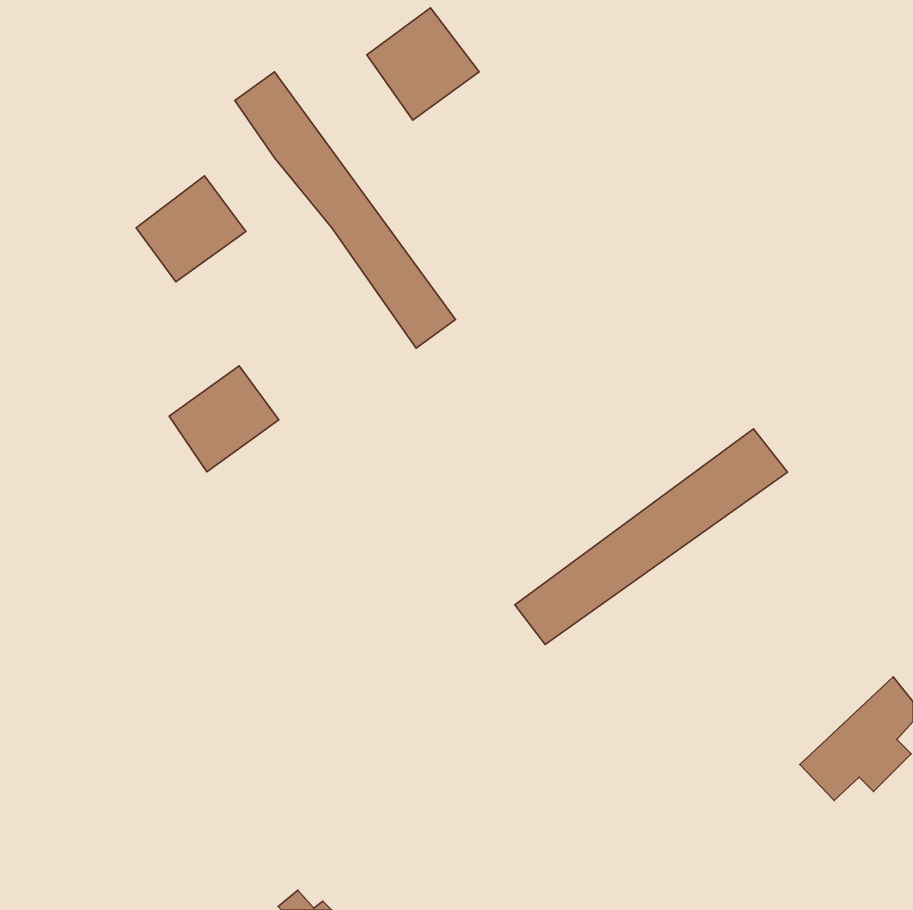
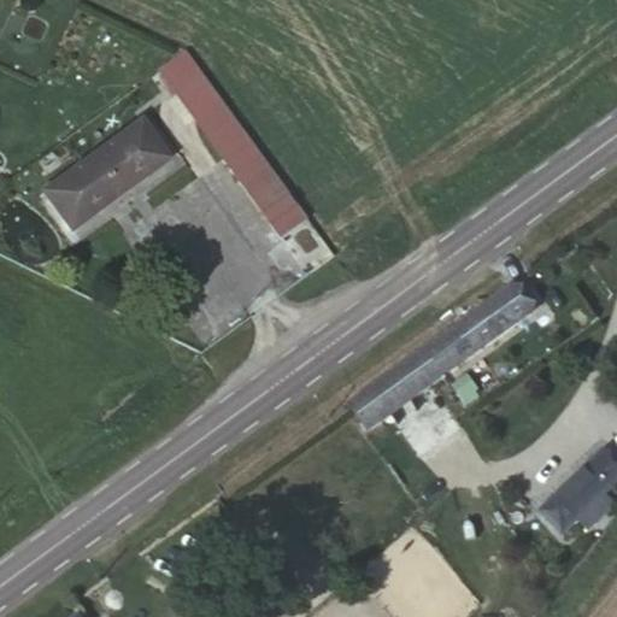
building: [367,8,479,120] -> none
building: [169,366,279,472] -> [45,153,118,224]

